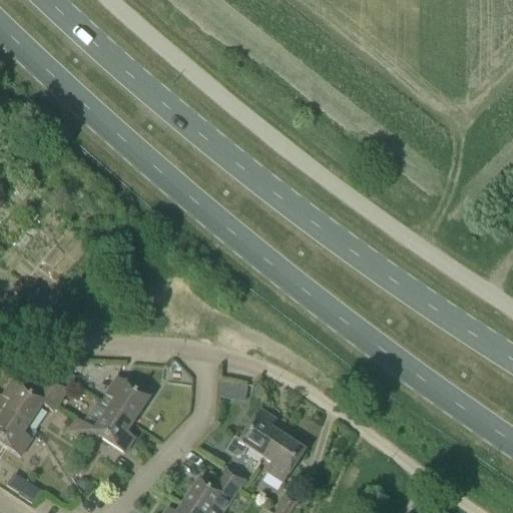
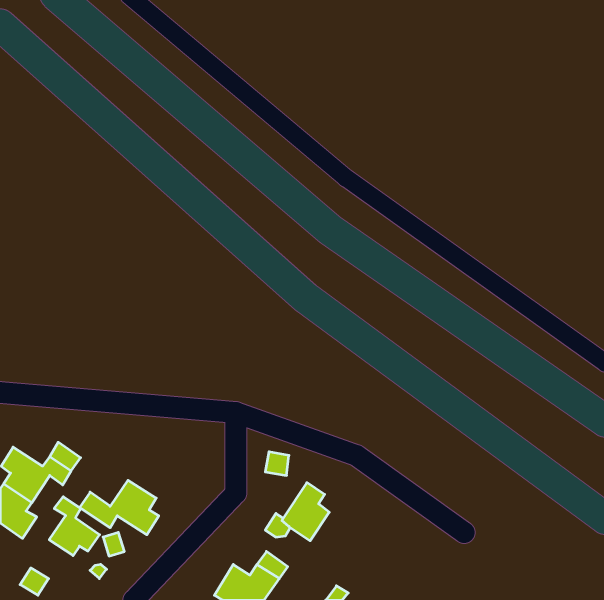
building: [105,375,149,421] -> none
building: none -> [49,497,100,556]
building: [264,433,305,481] -> none

